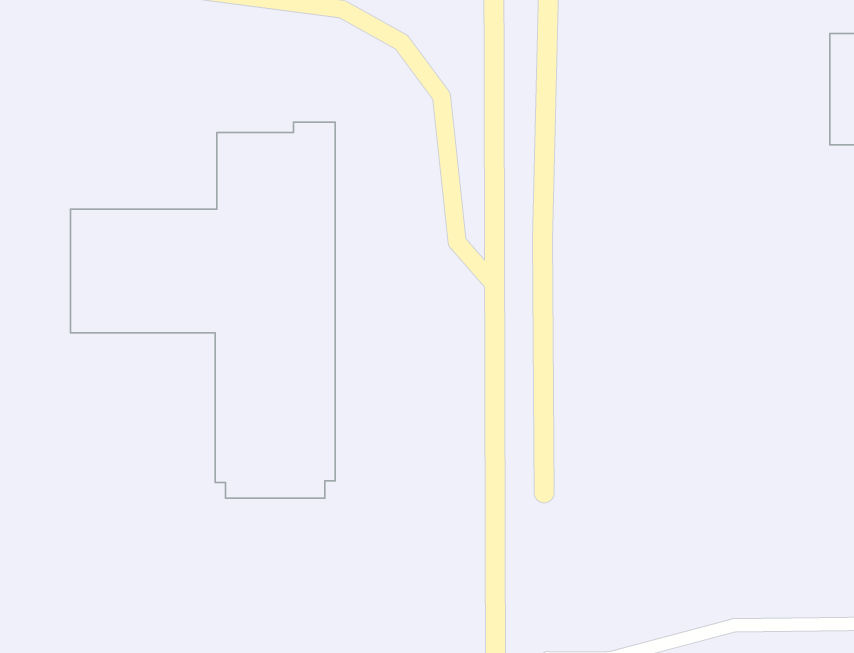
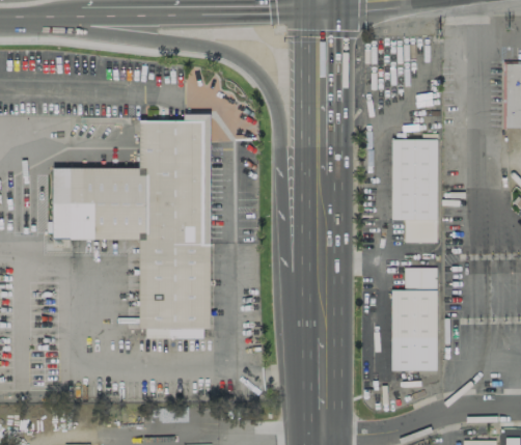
building: none -> [392,139,439,243]
building: none -> [392,267,438,369]

